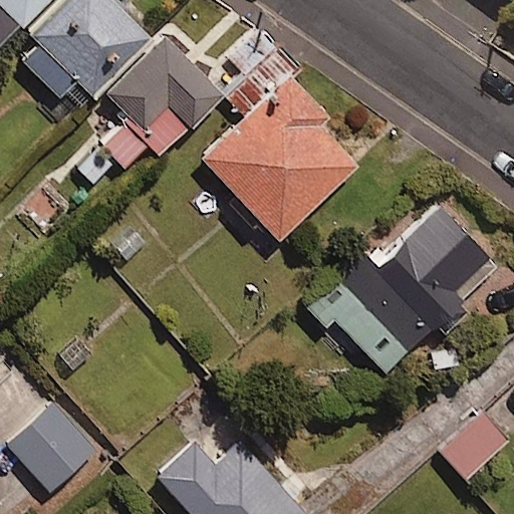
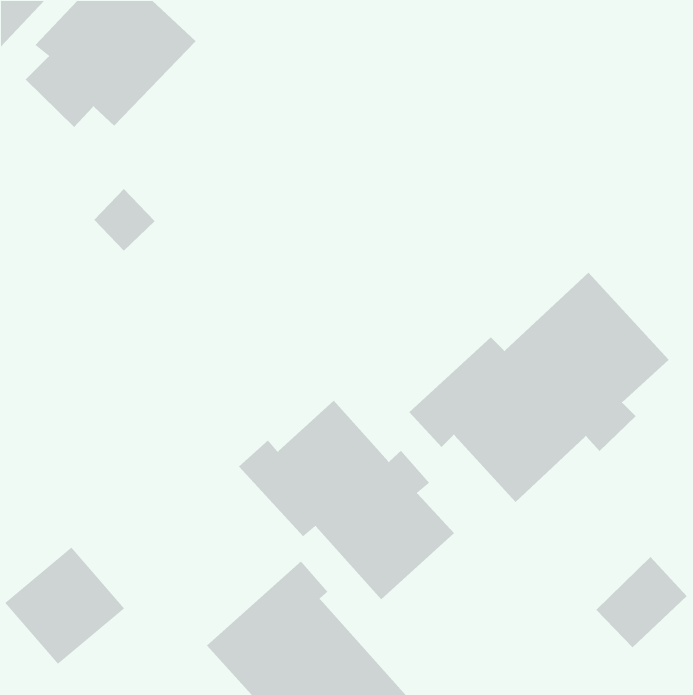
building: [102,38,220,166] -> none
building: [203,50,356,238] -> none
building: none -> [238,400,455,600]

